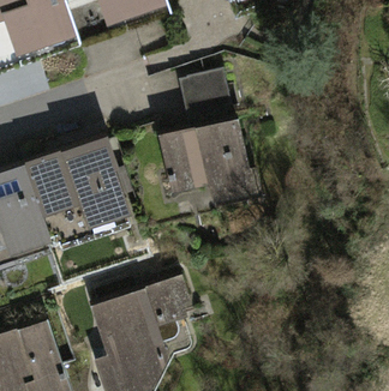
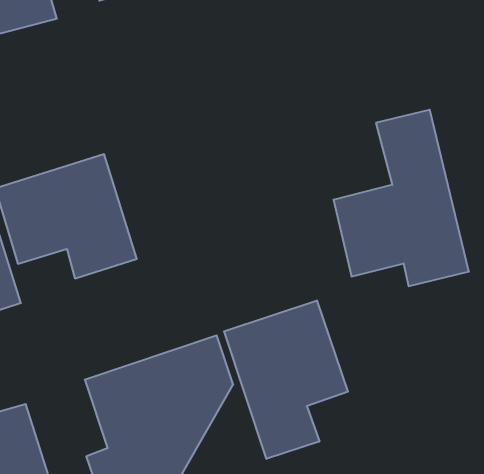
building: [156,73,256,203] -> [333,110,469,286]
building: none -> [224,300,348,459]

